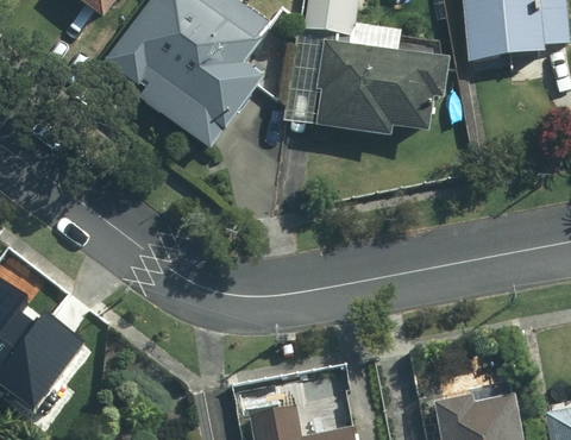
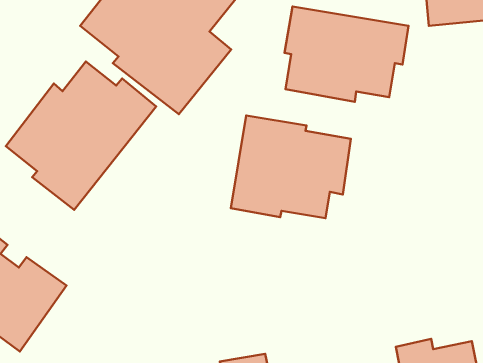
building: none -> [6,61,156,210]
building: none -> [231,116,351,218]

